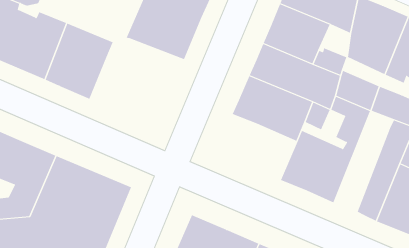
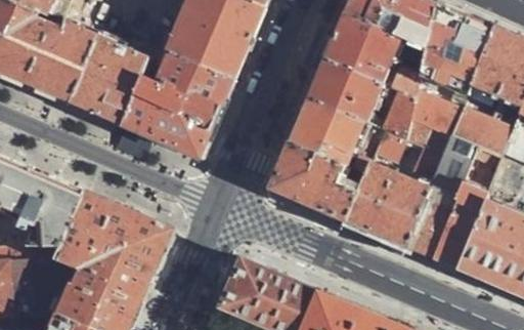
building: none -> [123,54,233,158]
building: none -> [407,138,477,256]
building: none -> [271,142,364,219]

